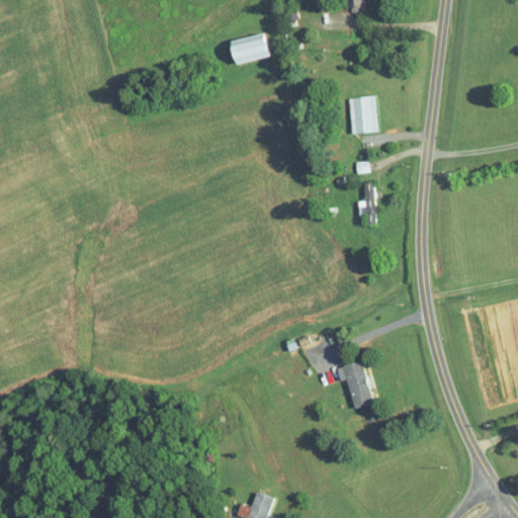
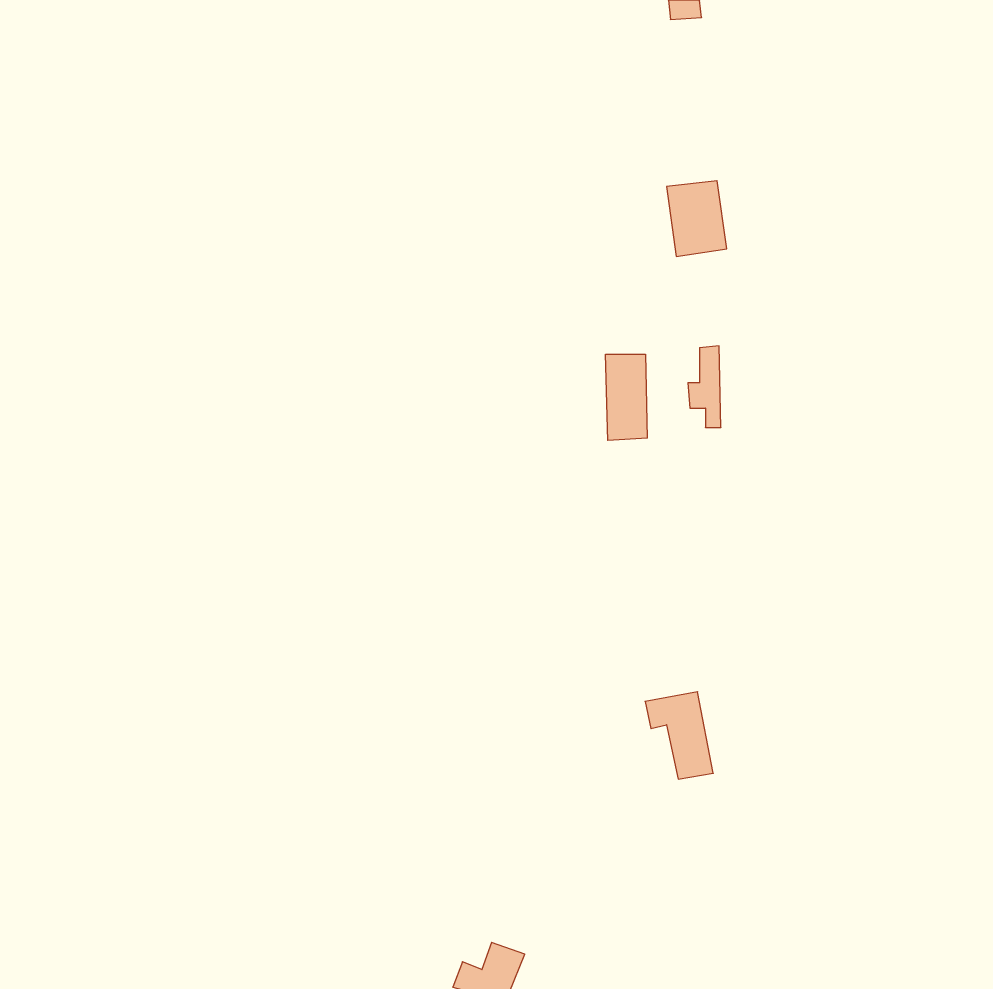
building: [232,34,269,64] -> none
building: none -> [606,354,647,440]

